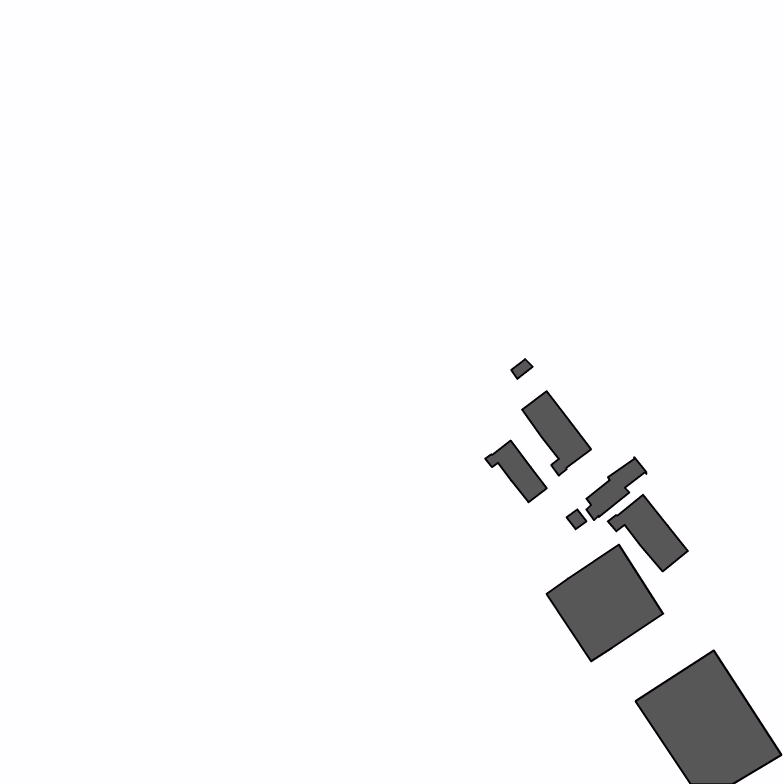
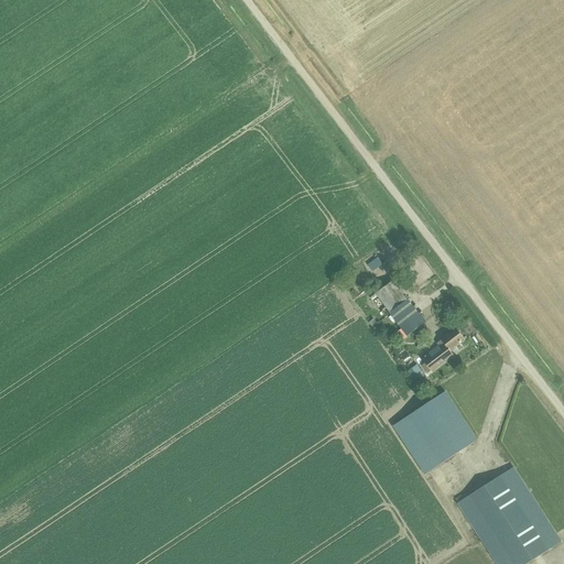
building: [485,441,547,502] -> none
building: [608,495,688,571] -> none

